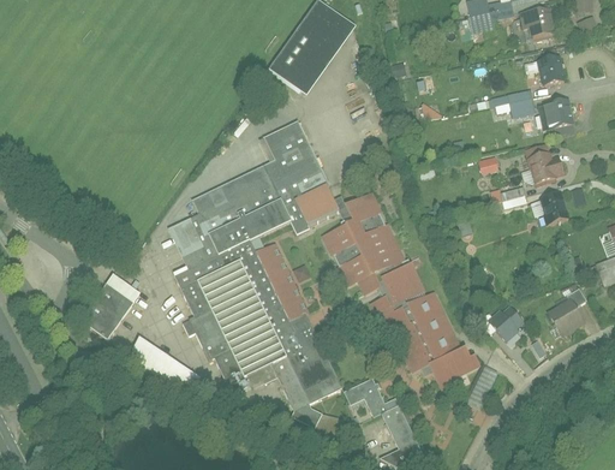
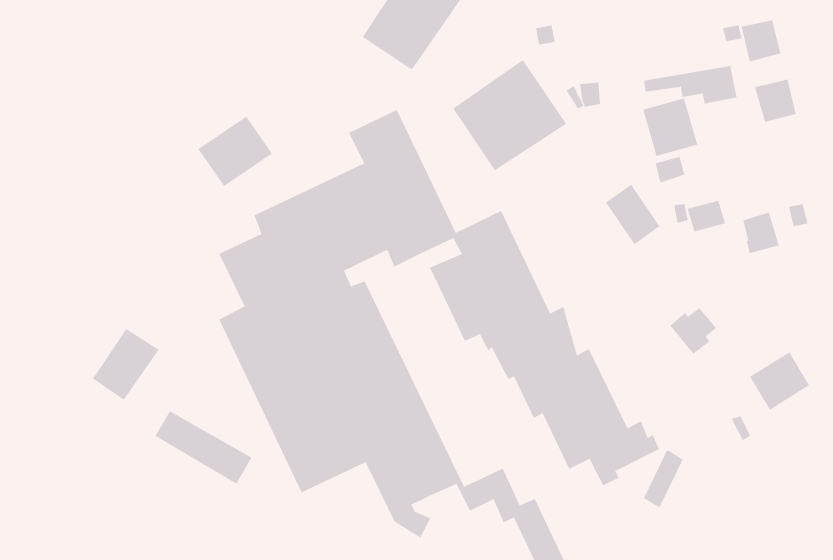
building: none -> [453,59,567,171]
building: none -> [197,116,273,187]
building: [525,143,565,185] -> [642,98,698,157]
building: none -> [605,184,660,245]
building: [489,307,523,340] -> [670,307,717,355]

